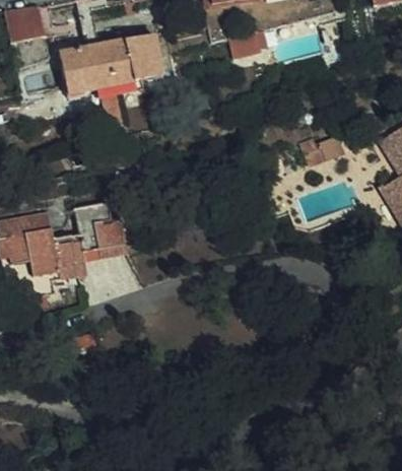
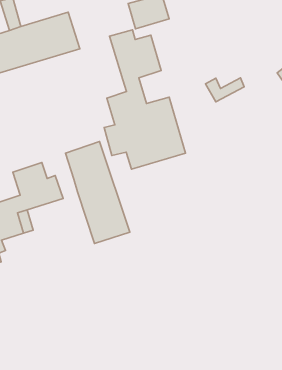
building: none -> [104,30,186,169]
building: none -> [65,141,130,244]

